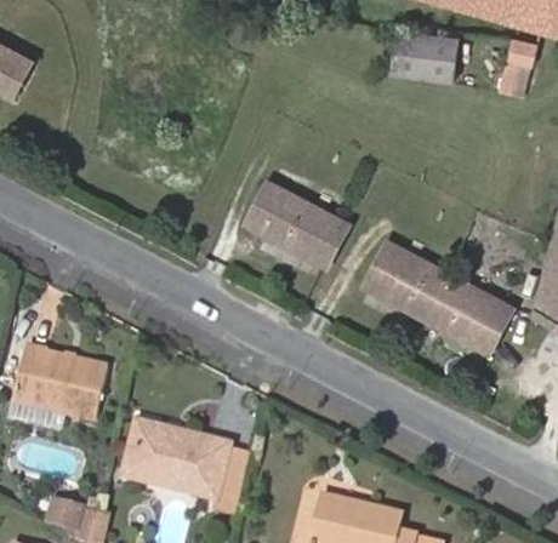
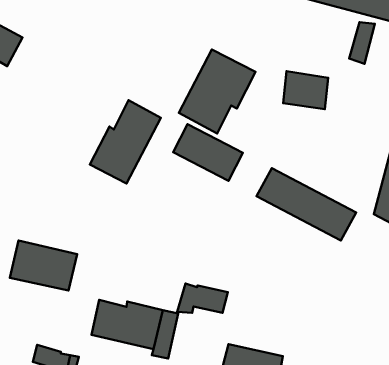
building: [392,27,456,81] -> [283,71,328,109]
building: none -> [179,49,256,133]
building: none -> [90,100,161,183]
building: none -> [177,284,228,313]

